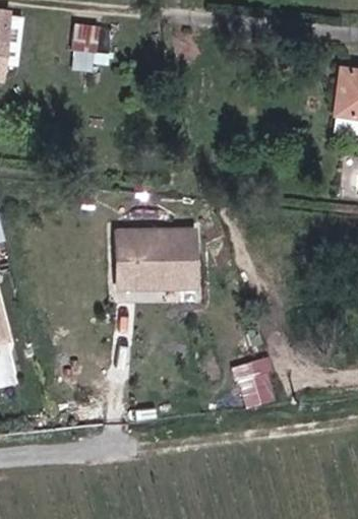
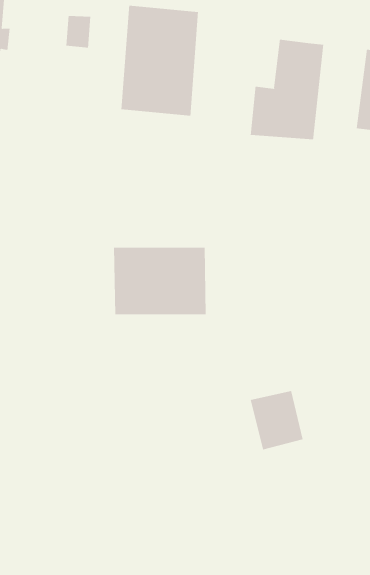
building: none -> [121,5,199,116]
building: none -> [250,39,324,140]

